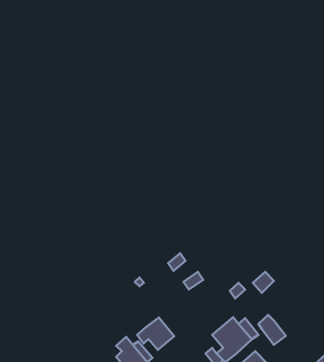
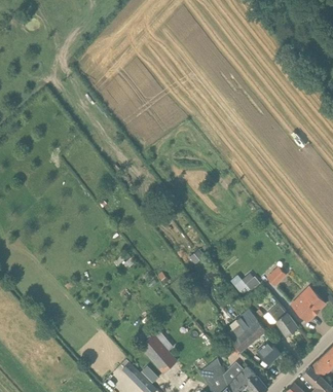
building: none -> [290,287,324,321]
building: [137,318,174,350] -> none

